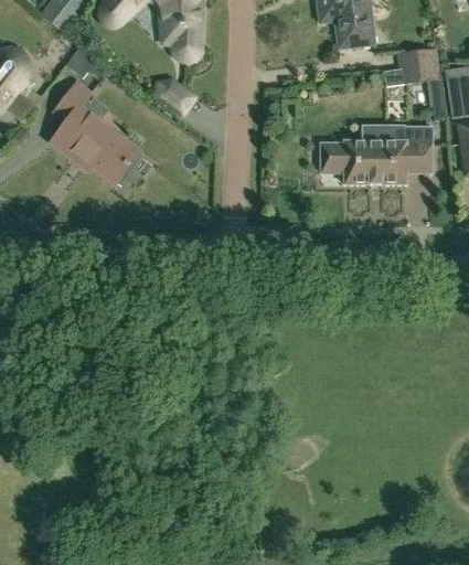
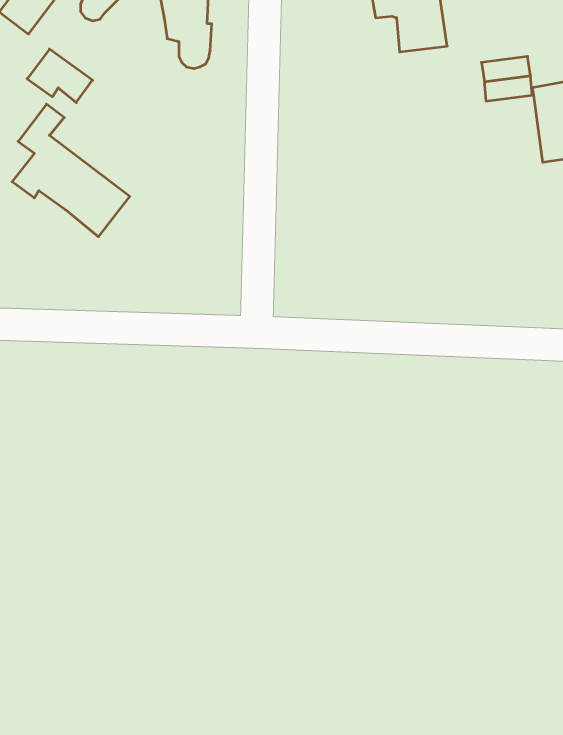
building: [157,78,192,115] -> none
building: [319,125,430,182] -> none

